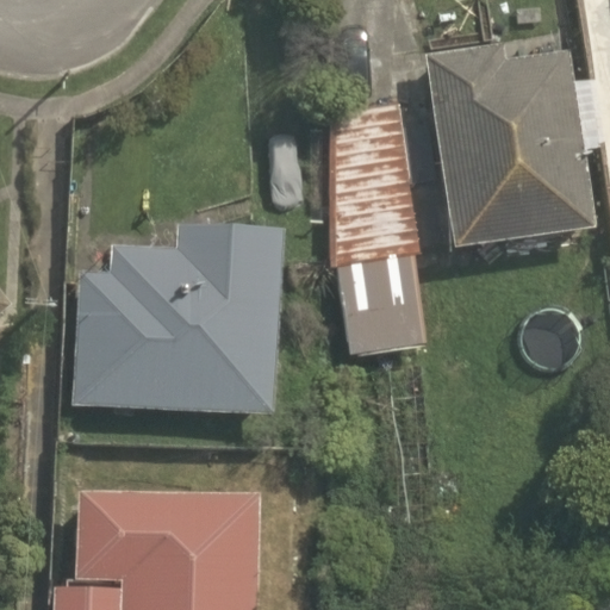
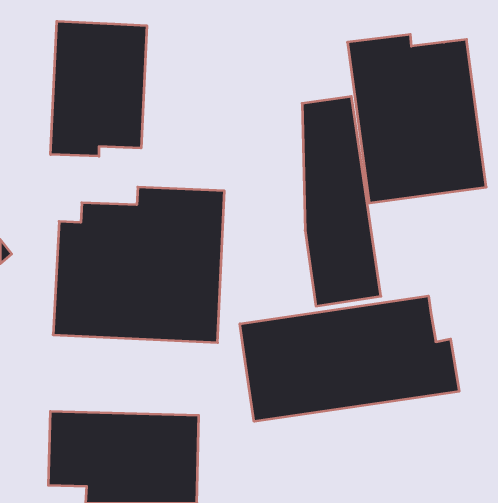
building: none -> [51,21,147,156]
building: none -> [240,296,459,421]

